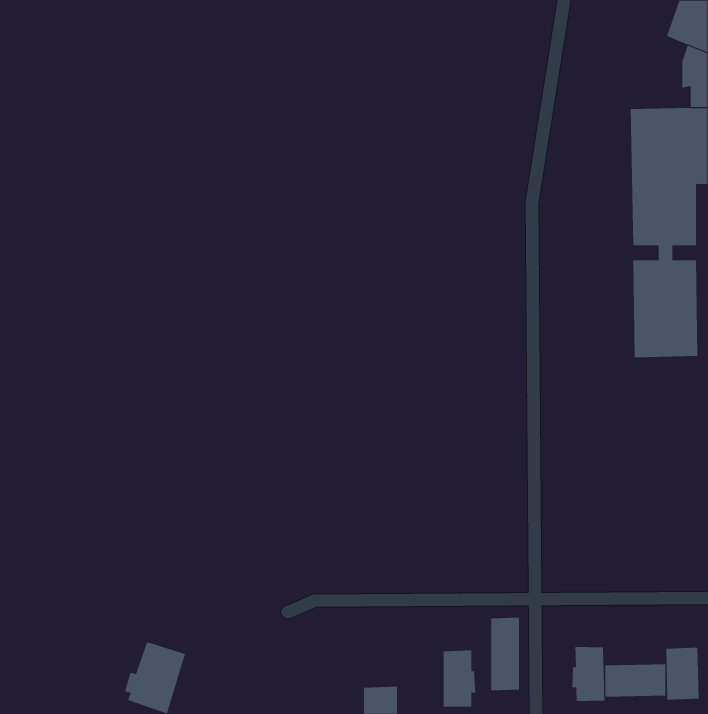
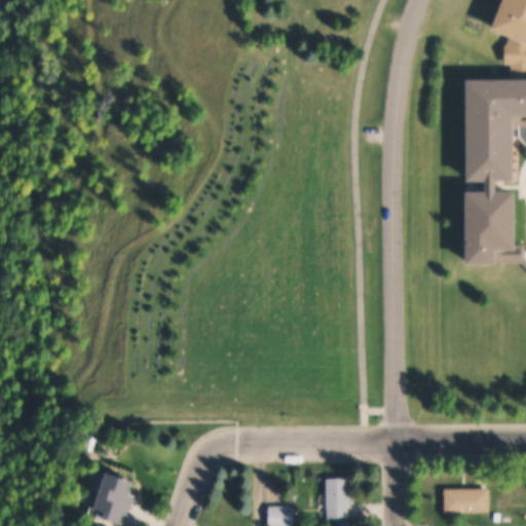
building: [491,617,520,691] -> none
building: [572,646,605,702] -> none
building: [666,647,699,701] -> none

